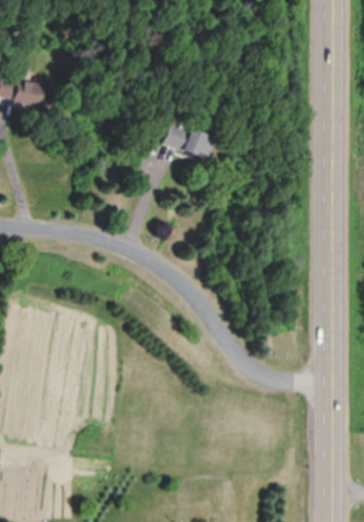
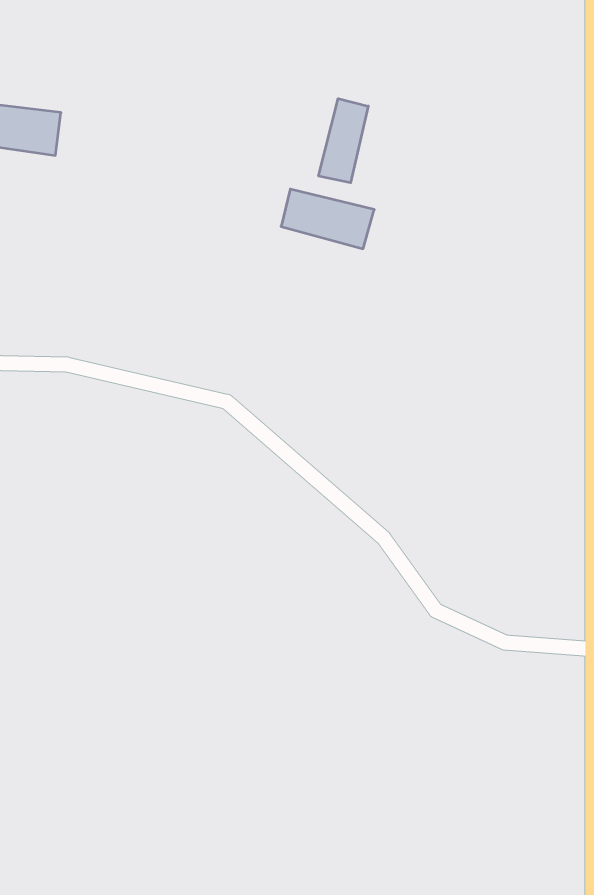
building: none -> [319,99,368,183]

